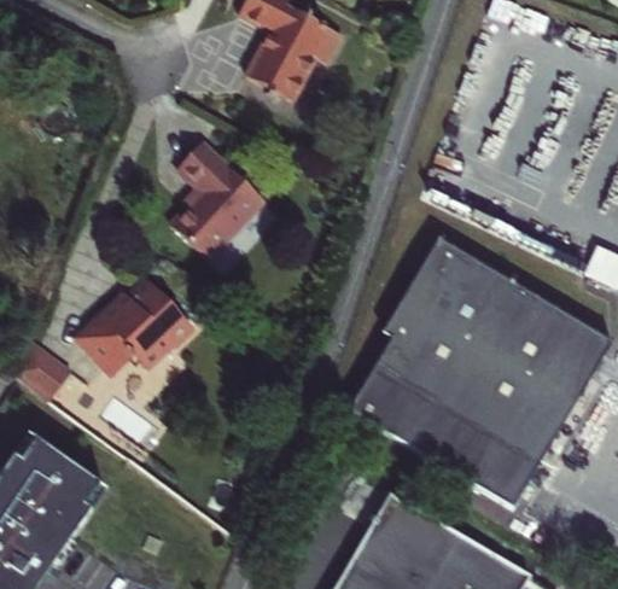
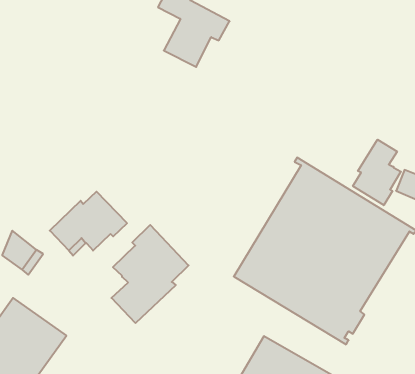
building: [171,144,263,262] -> none
building: none -> [353,140,401,205]
building: none -> [111,225,189,323]

